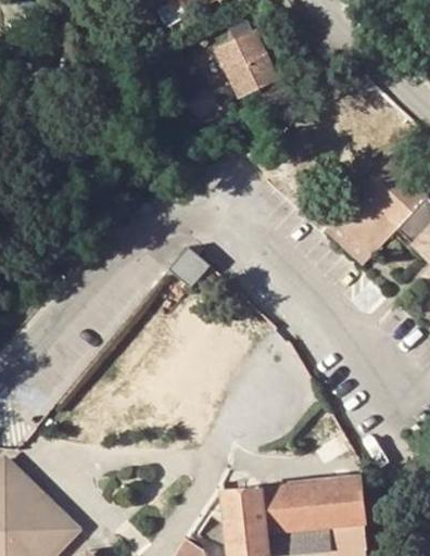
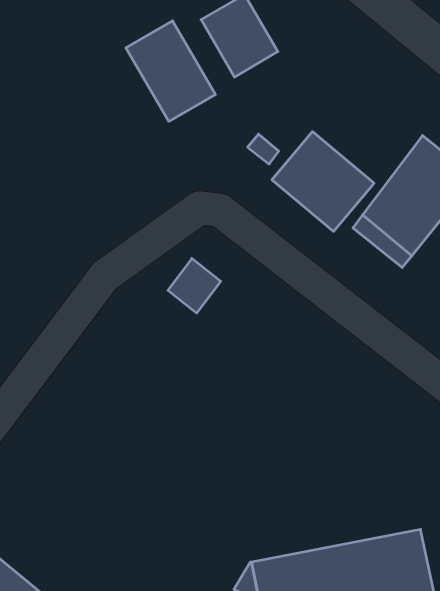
building: none -> [126,21,215,121]
building: none -> [272,132,374,231]

